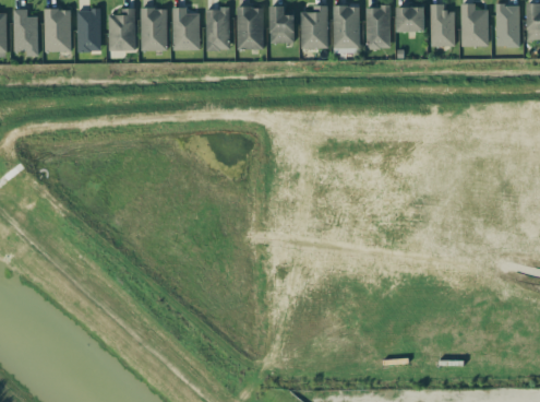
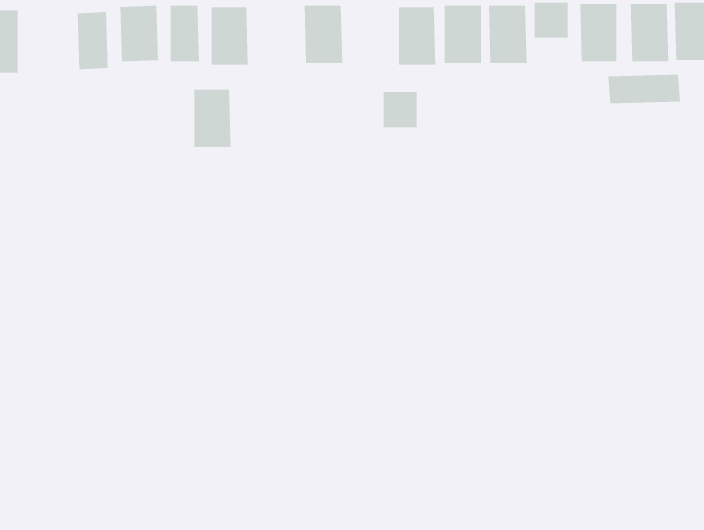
building: [204,9,230,49] -> [194,89,231,147]
building: [49,13,72,52] -> none
building: [268,15,292,40] -> [383,92,417,128]
building: none -> [608,74,680,104]

